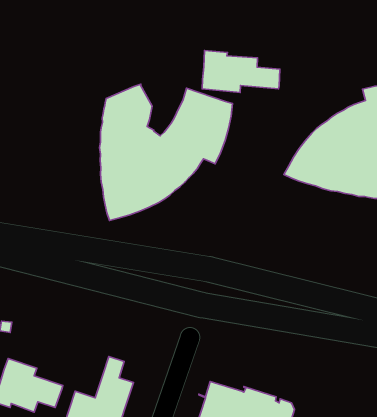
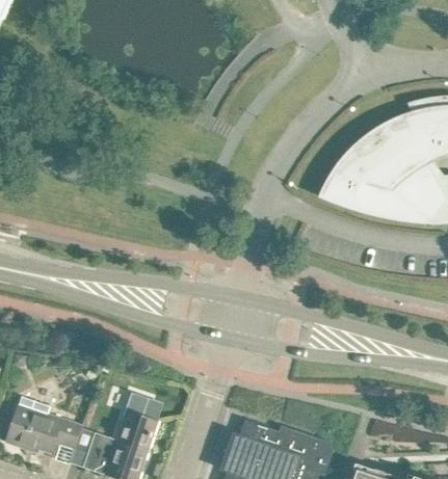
building: [202,50,280,92] -> none
building: [100,84,232,221] -> none

